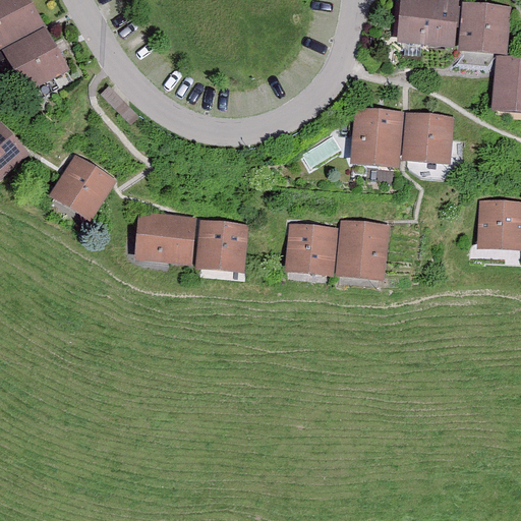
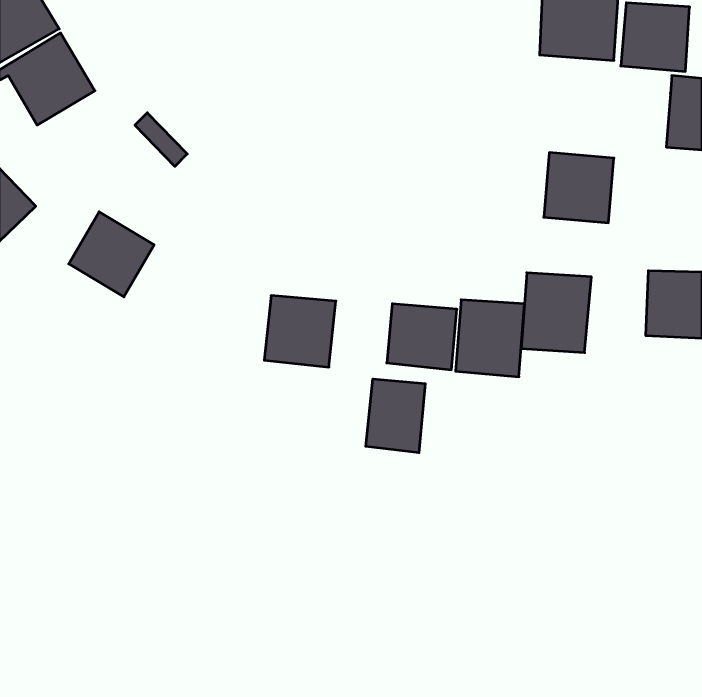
building: [350,108,402,167] -> [521,273,591,353]
building: [135,211,195,264] -> none
building: none -> [366,379,425,453]

